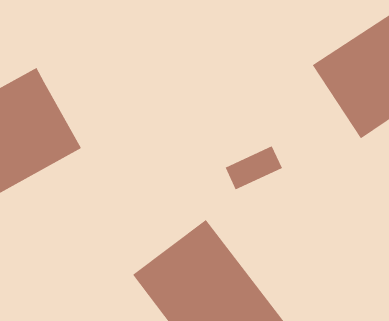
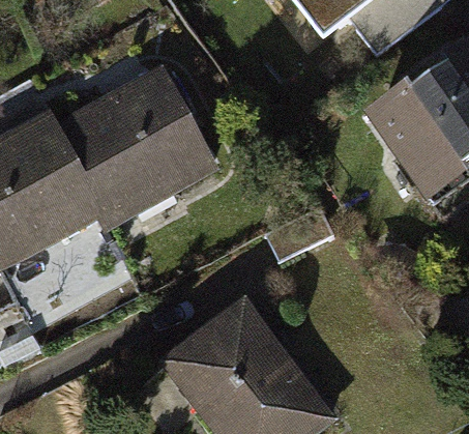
building: none -> [54,77,213,230]

